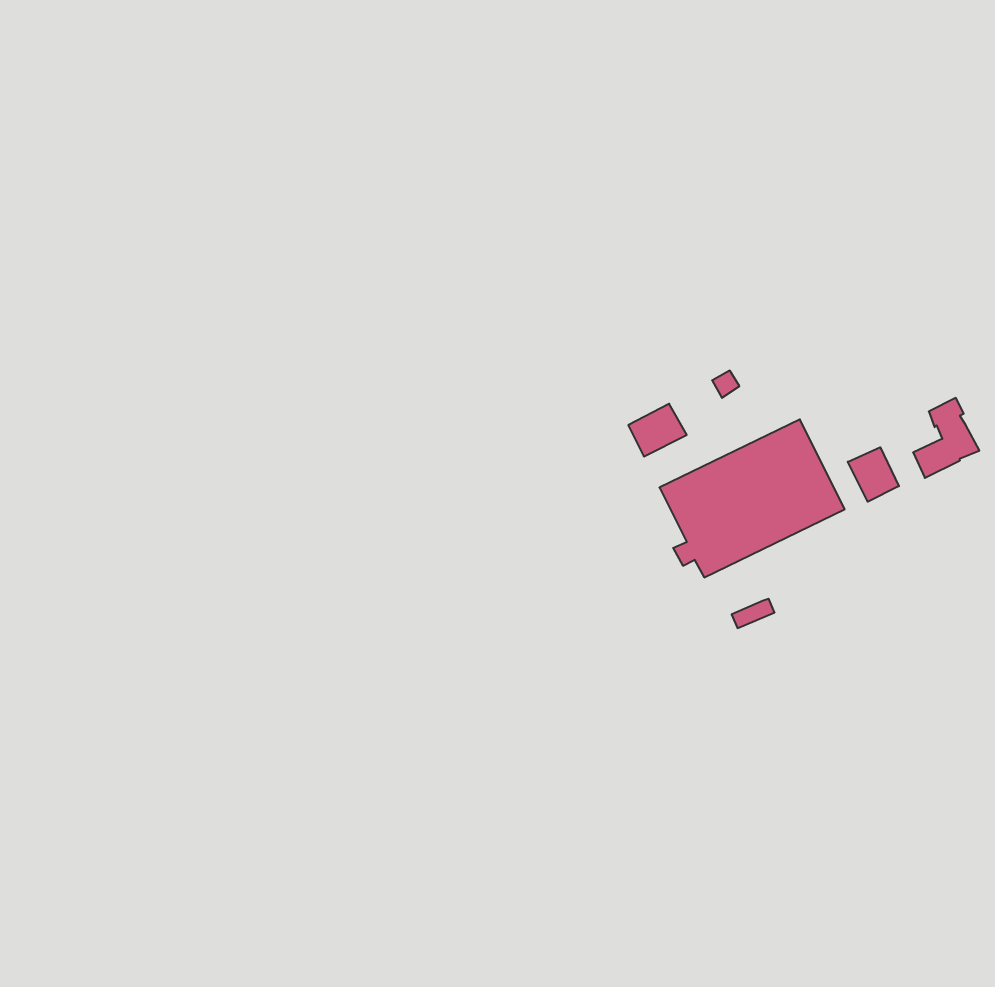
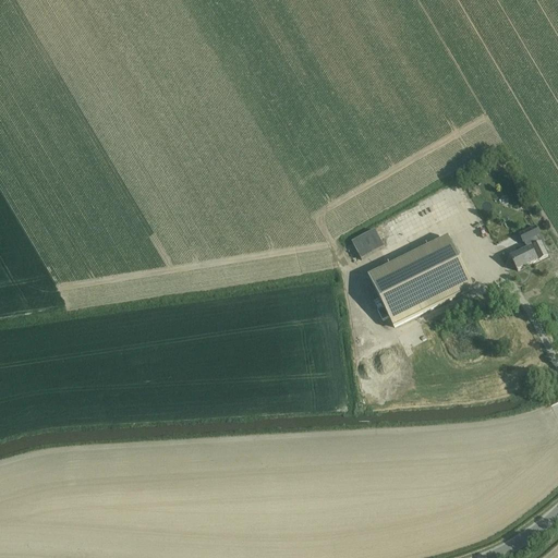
building: [848,447,899,502] -> none

